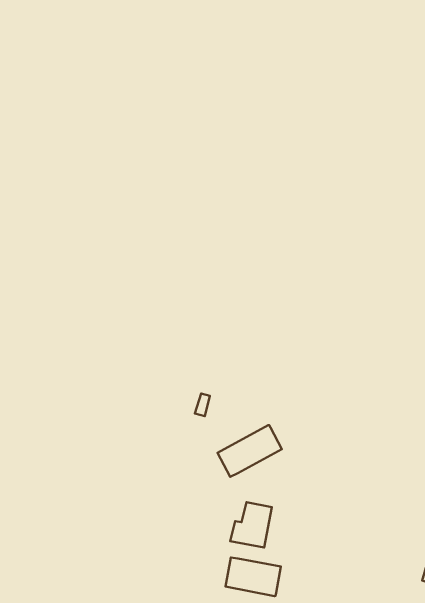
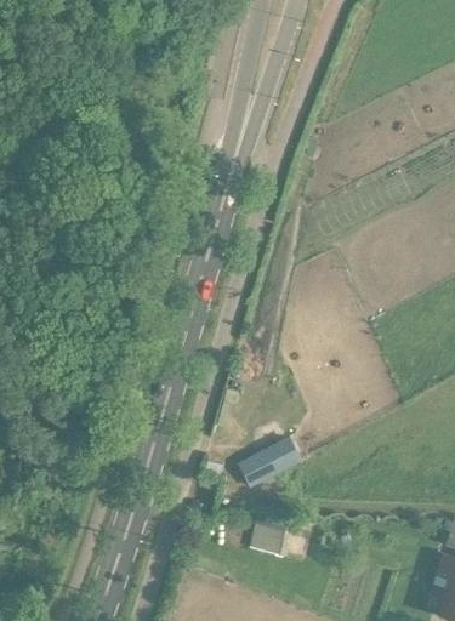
building: [226,558,281,596] -> none

